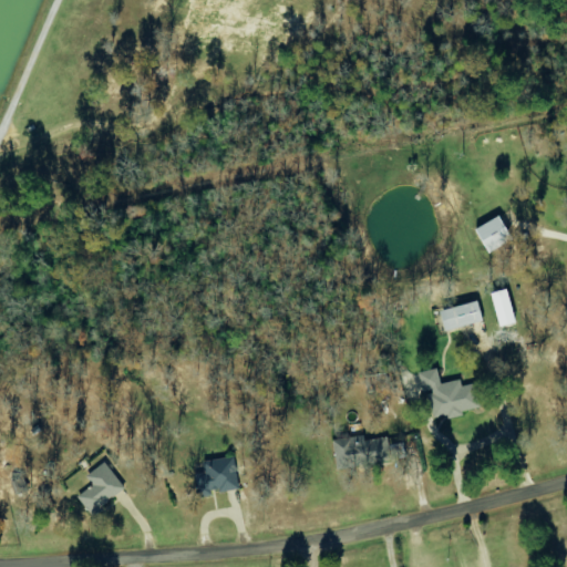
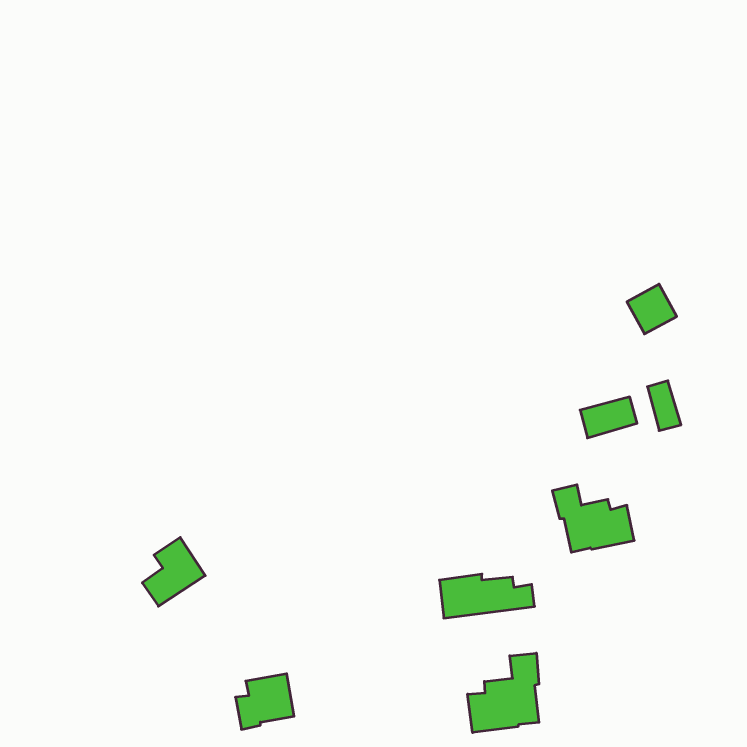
building: [195,455,239,497] -> [235,674,294,729]
building: [78,461,125,513] -> [142,537,205,606]
building: none -> [468,653,539,733]

